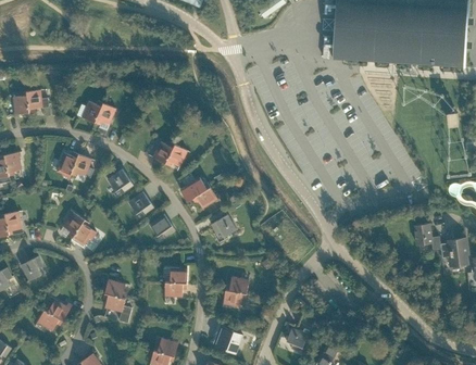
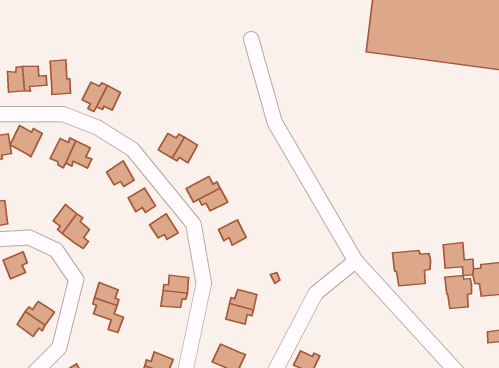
building: none -> [50,60,70,95]
building: none -> [10,125,42,157]
building: none -> [393,250,431,286]
building: none -> [445,275,471,309]

